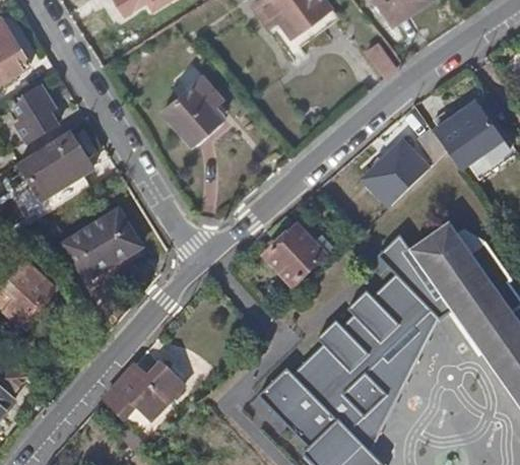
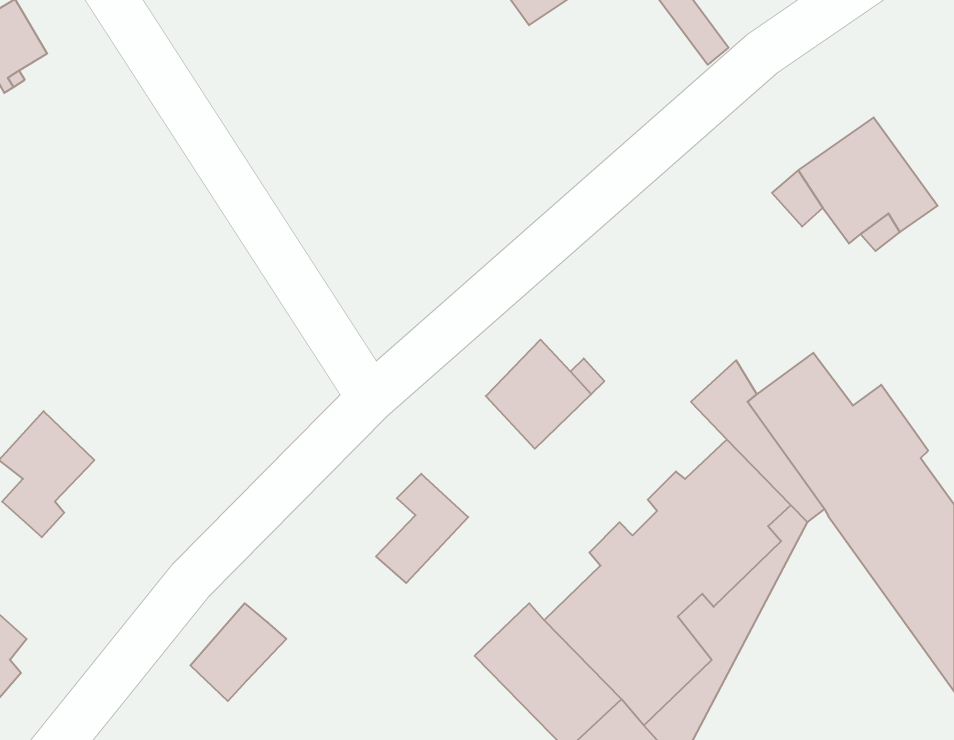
building: [161,72,223,141] -> none
building: [10,86,56,143] -> none
building: [16,129,92,212] -> none
building: [363,140,428,204] -> none
building: [66,209,141,276] -> none
building: [135,360,185,419] -> [376,474,468,583]

